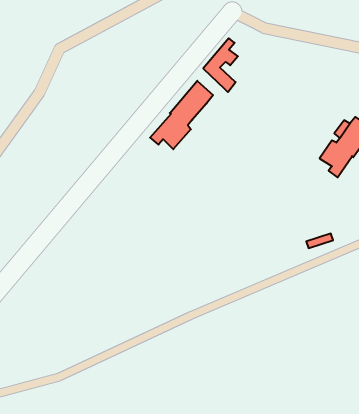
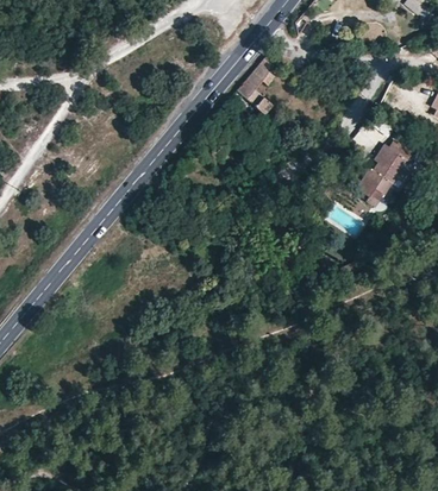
building: [150,81,213,149] -> none

